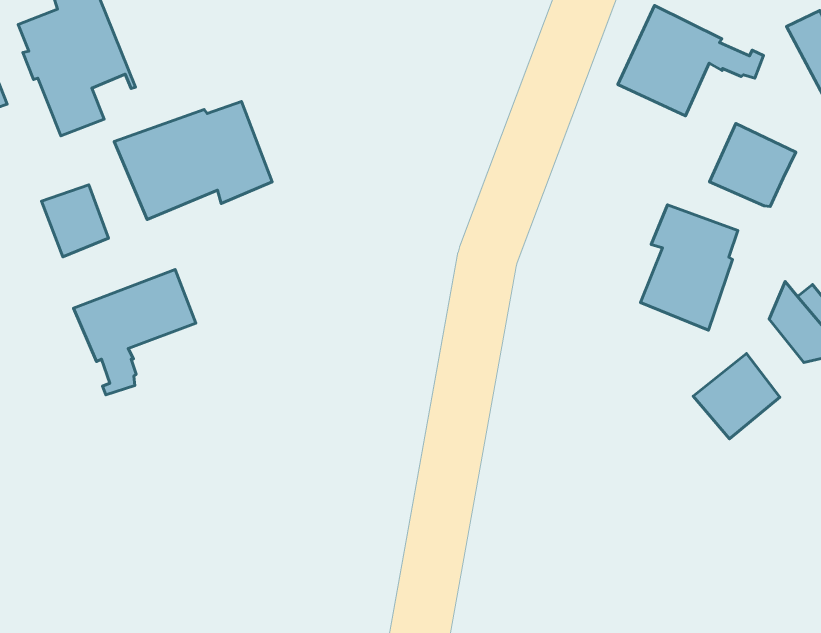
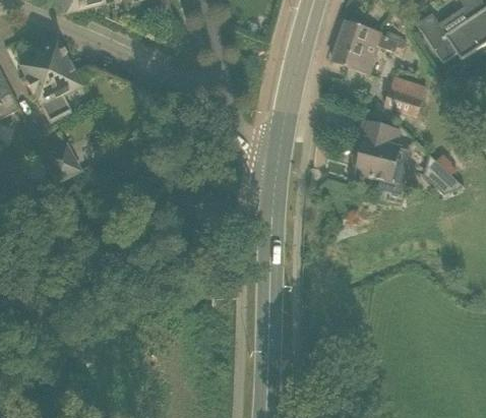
building: [114,101,272,219] -> none
building: [74,269,196,395] -> none
building: [693,353,780,439] -> none

